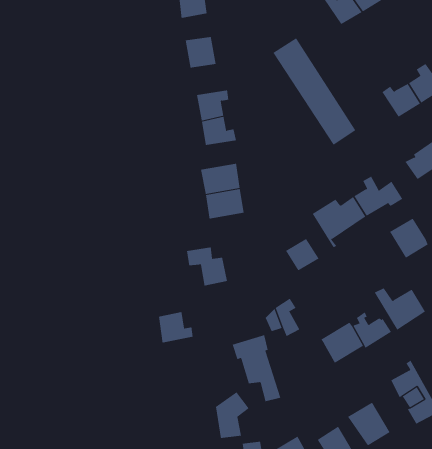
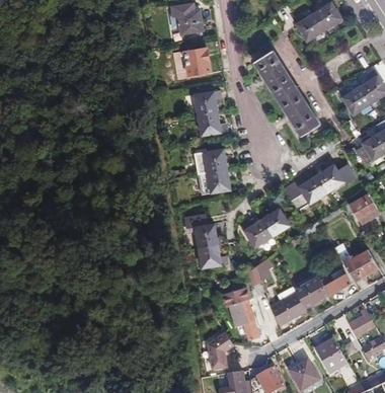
building: none -> [242,219,274,246]
building: [158,312,194,343] -> [199,243,227,268]
building: none -> [272,293,303,323]

